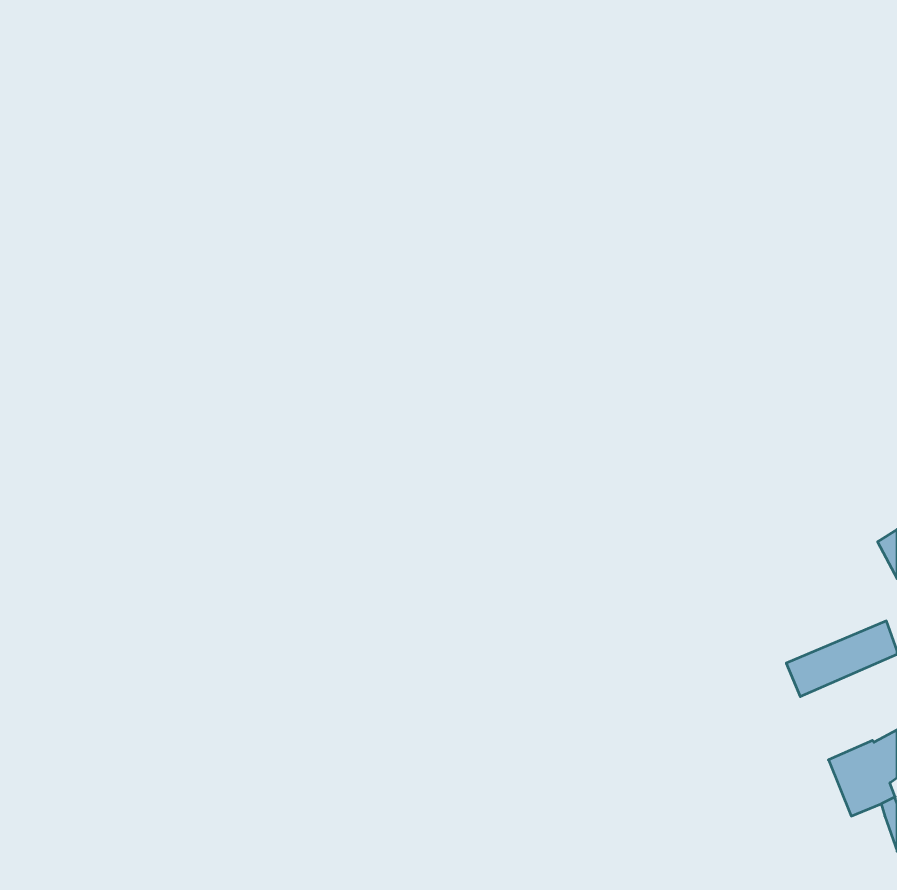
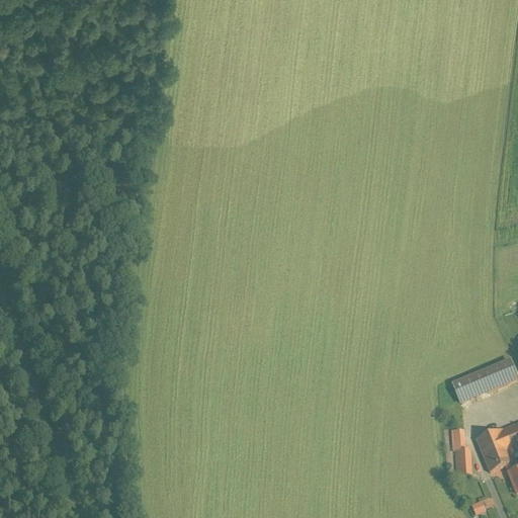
building: none -> [447,424,471,472]

